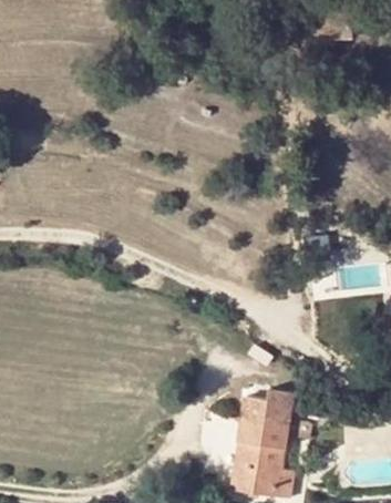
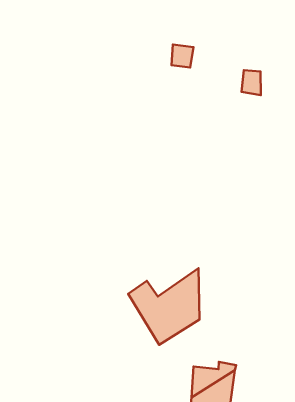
building: none -> [128,268,199,345]

